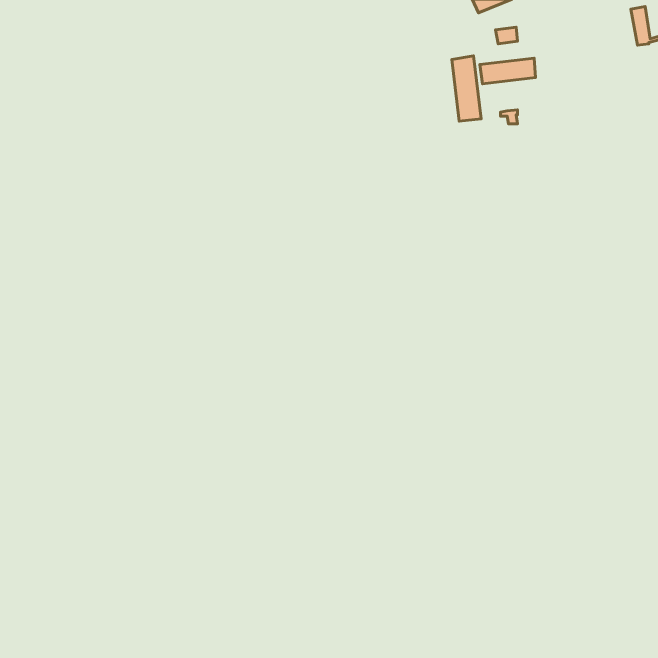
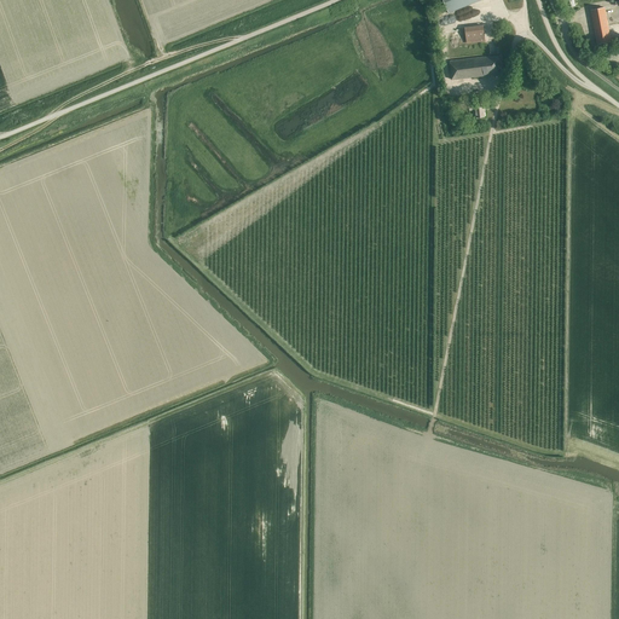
building: [452,56,481,121] -> none

